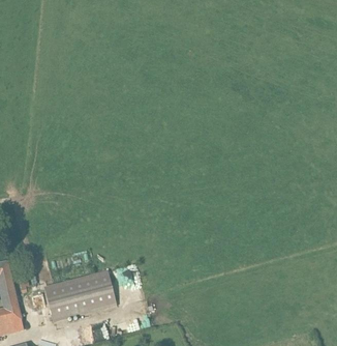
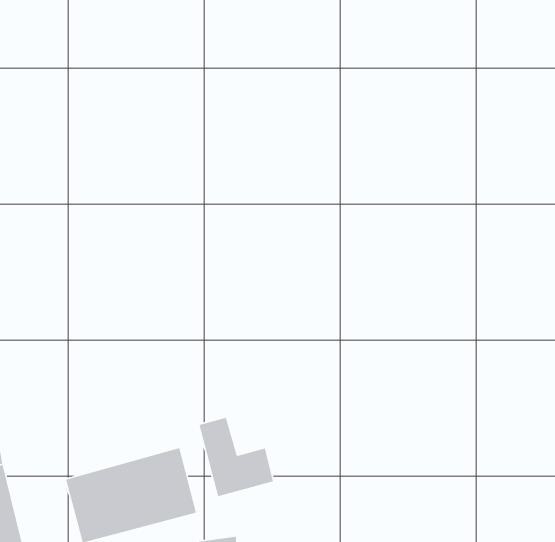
building: none -> [198,417,274,497]

